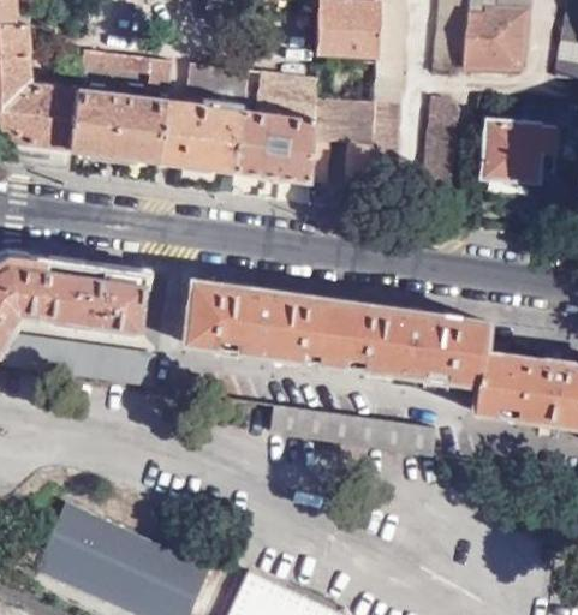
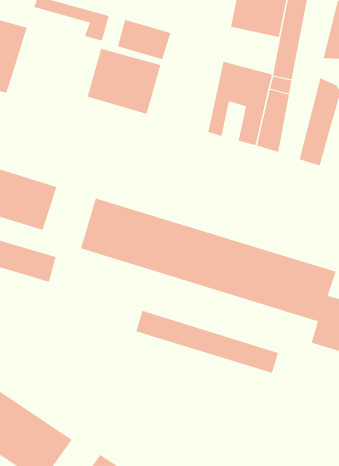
building: [236,86,316,181] -> none
building: [70,91,168,162] -> none

